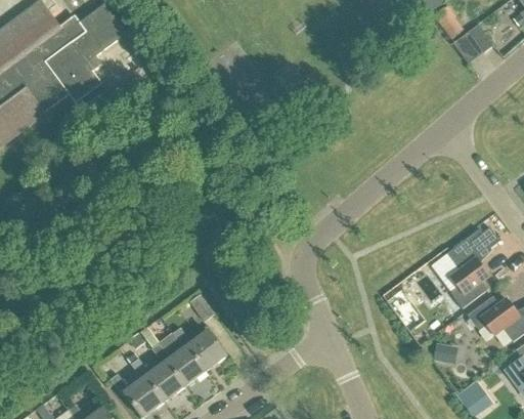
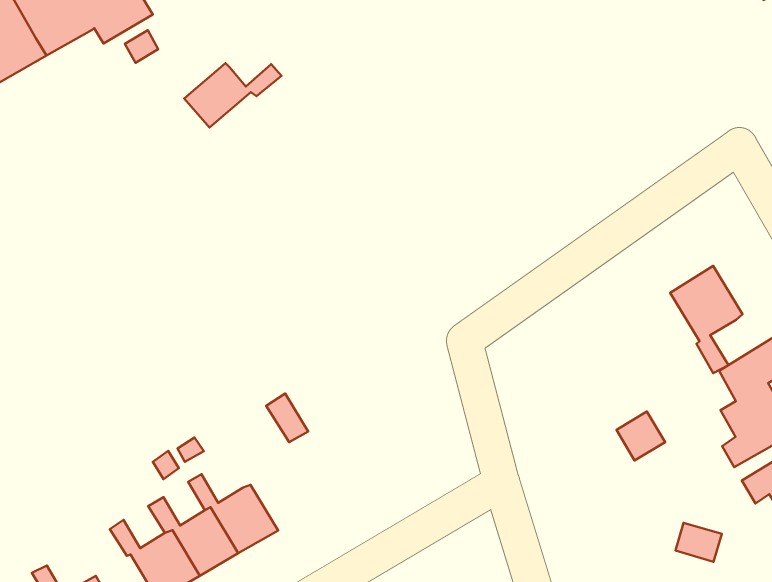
building: none -> [184,63,281,128]
building: none -> [670,266,743,373]
building: [171,327,225,371] -> none

